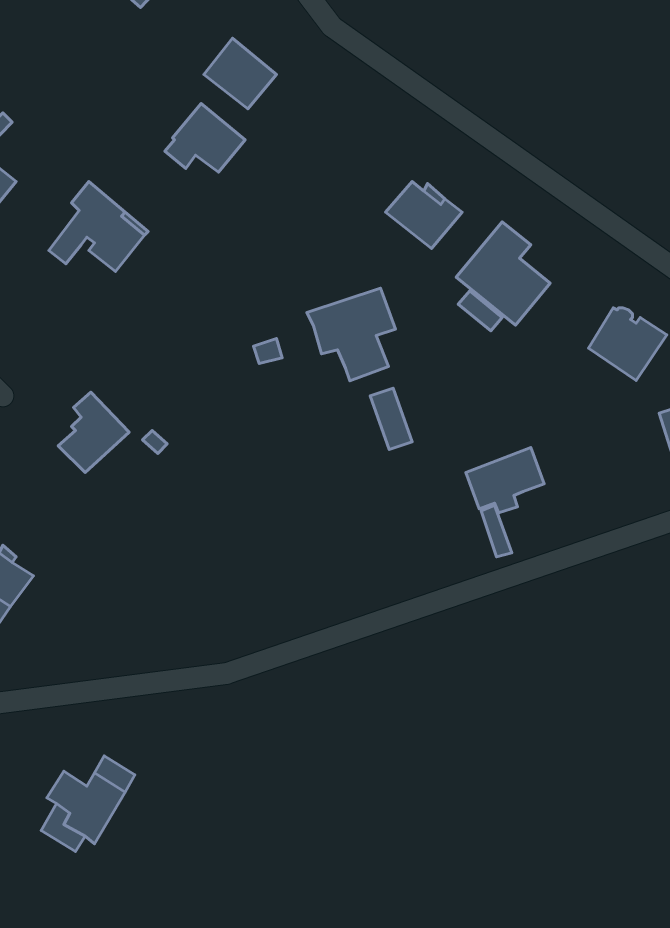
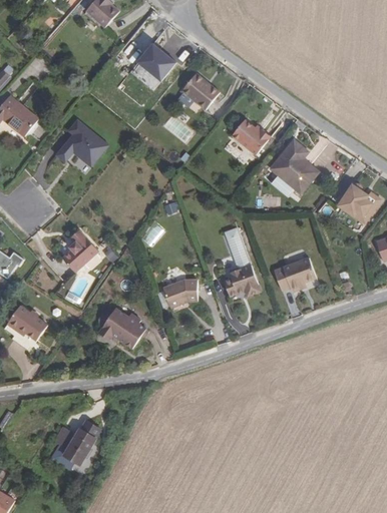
building: [165,103,245,172] -> [177,72,220,108]
building: [307,288,395,381] -> none
building: none -> [224,264,260,295]
building: none -> [162,280,197,308]
building: none -> [97,308,145,349]

